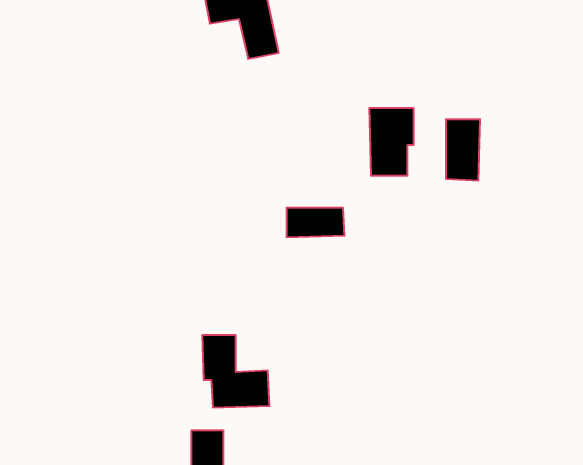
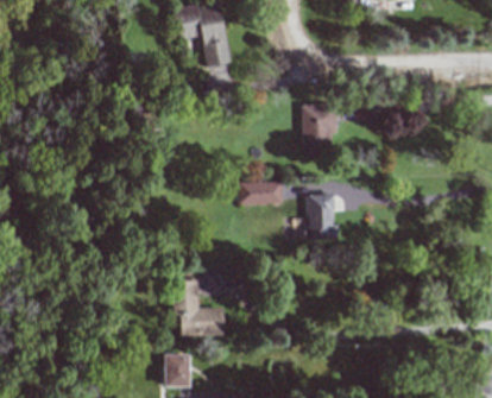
building: [446,119,480,181] -> none
building: none -> [308,194,338,240]

